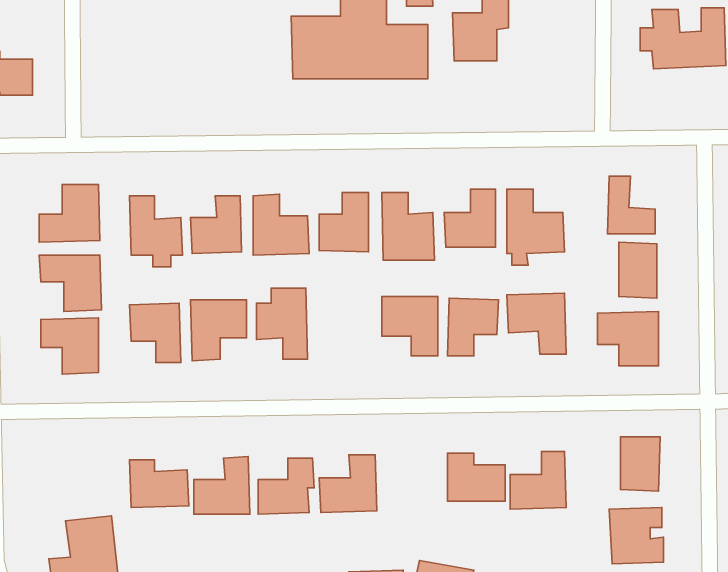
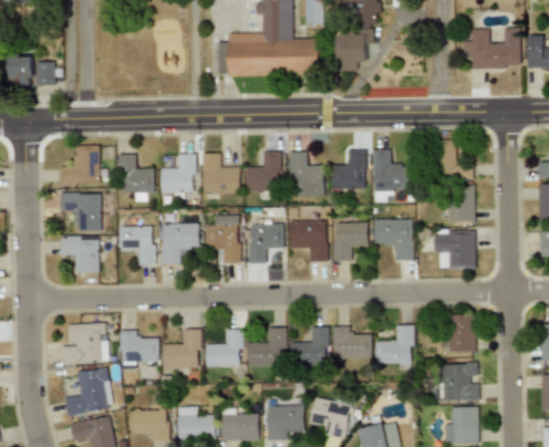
building: none -> [248,224,283,263]
building: none -> [62,323,107,364]
building: none -> [290,326,328,365]

